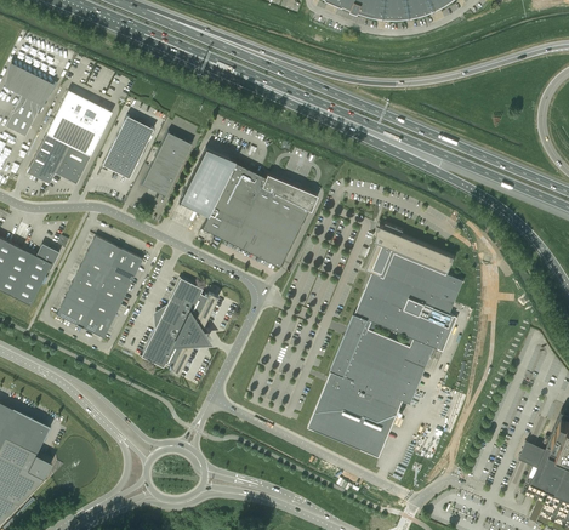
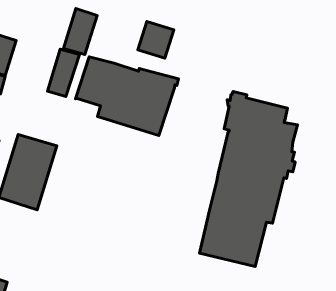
building: none -> [138,21,174,58]
building: [102,115,153,177] -> [64,9,97,54]
building: [141,278,218,375] -> none

